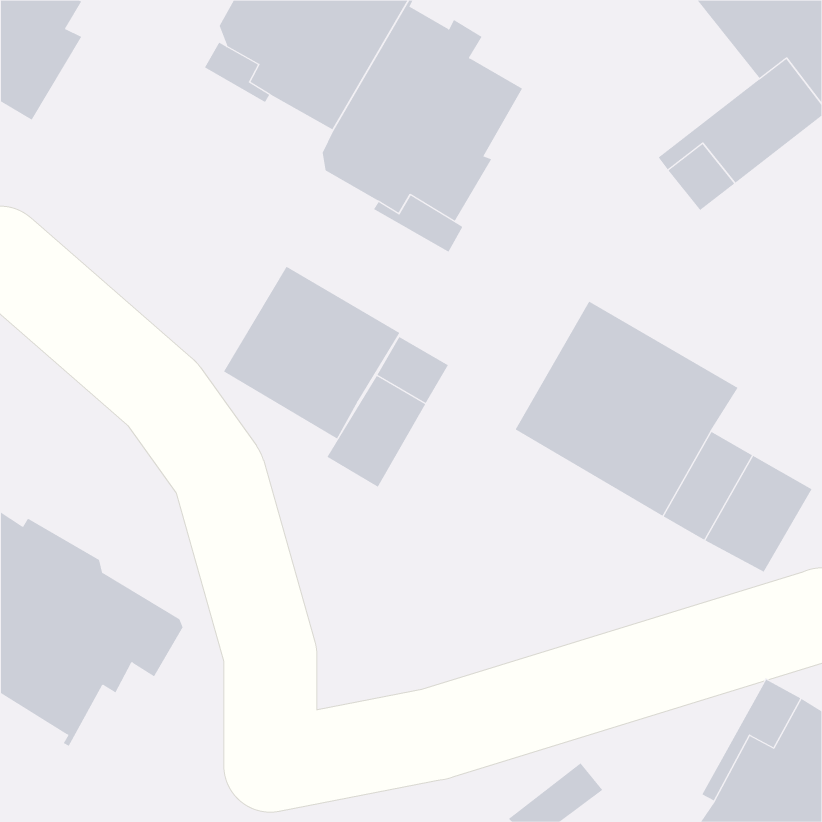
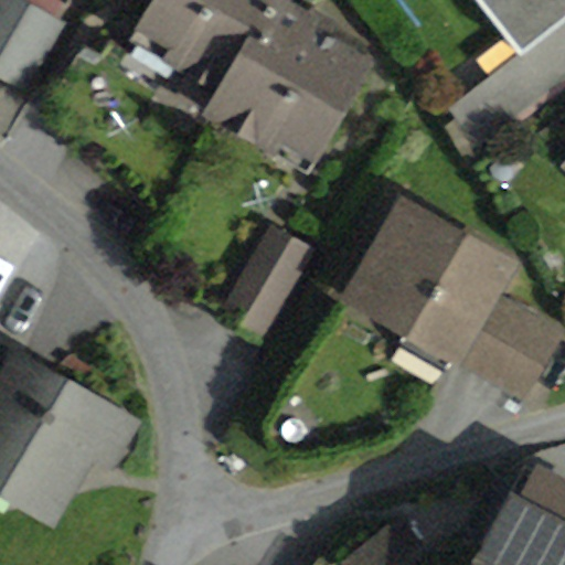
building: [223,266,400,439] -> none

